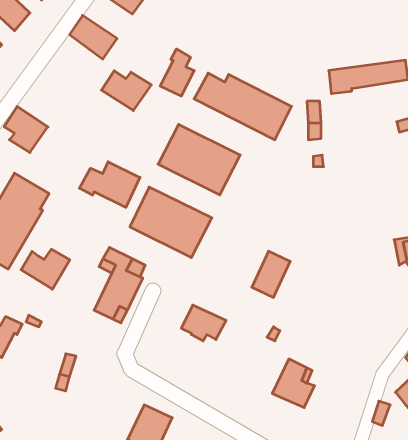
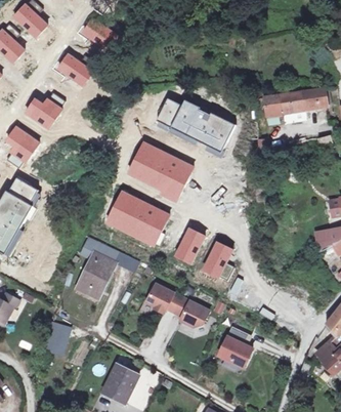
building: [160,49,194,96] -> none
building: [101,71,151,111] -> [23,96,62,128]
building: [79,162,140,207] -> none
building: none -> [173,228,205,264]
building: [21,249,70,289] -> none
building: none -> [173,296,208,326]

